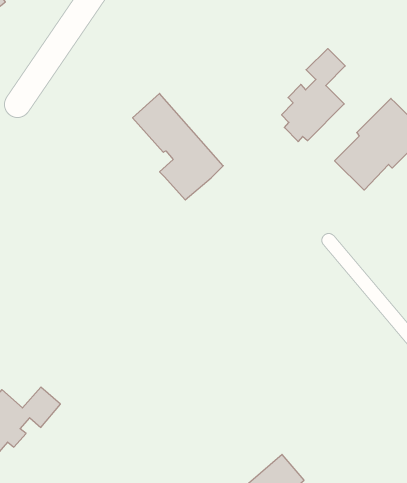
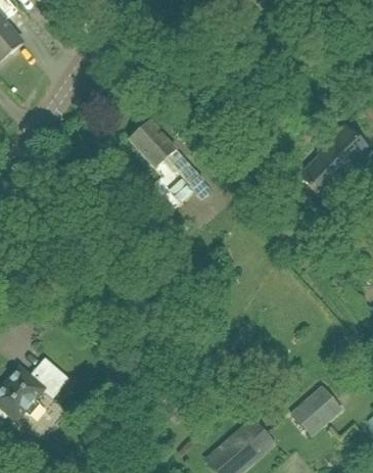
building: [282,49,345,142] -> none
building: none -> [291,386,340,428]

